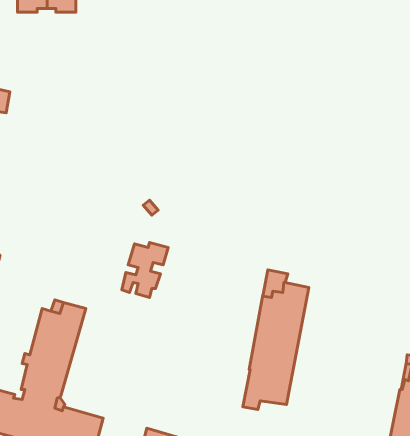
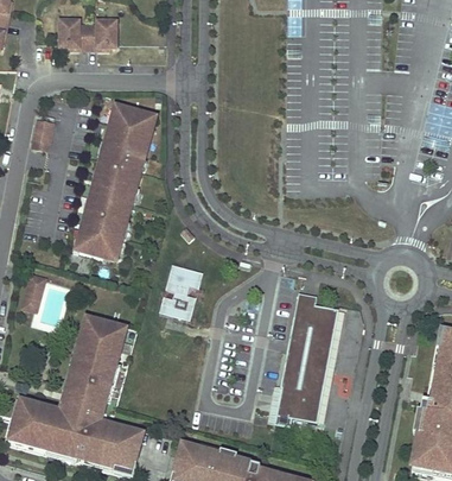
building: none -> [79,105,154,255]

